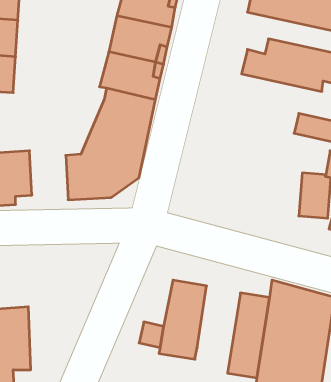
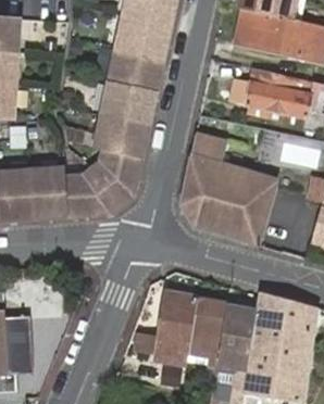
building: none -> [179,132,276,247]
building: none -> [32,169,67,219]
building: none -> [188,298,228,379]

